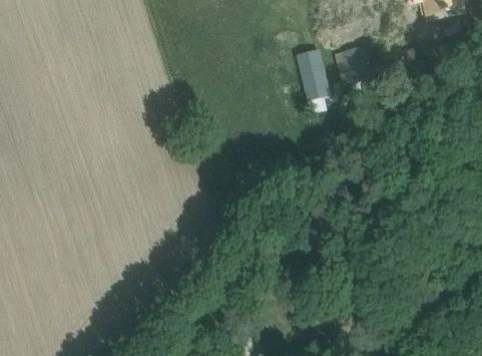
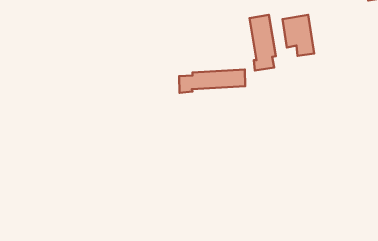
building: none -> [179,69,245,93]

